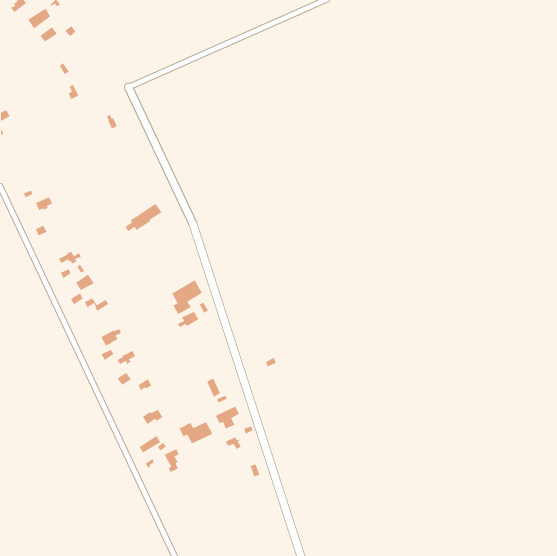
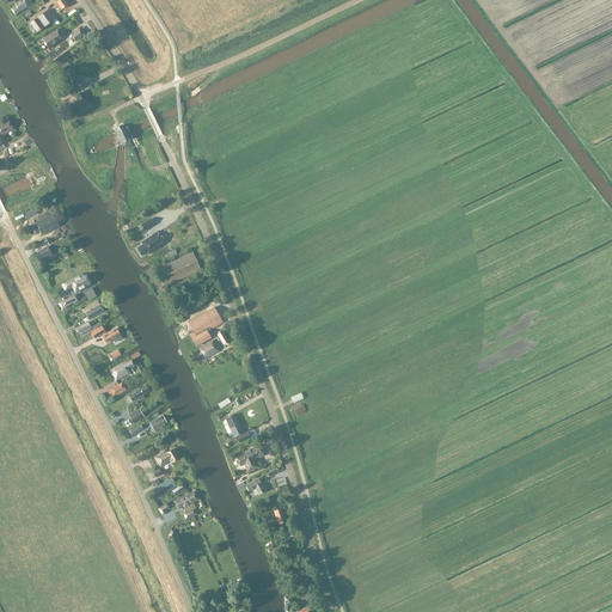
building: none -> [157,251,201,286]
building: [178,421,213,445] -> none

